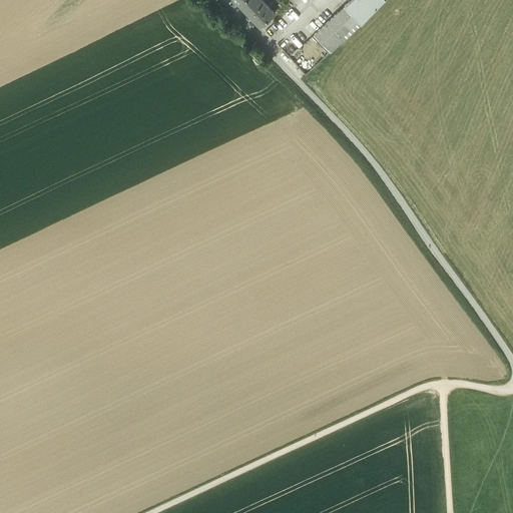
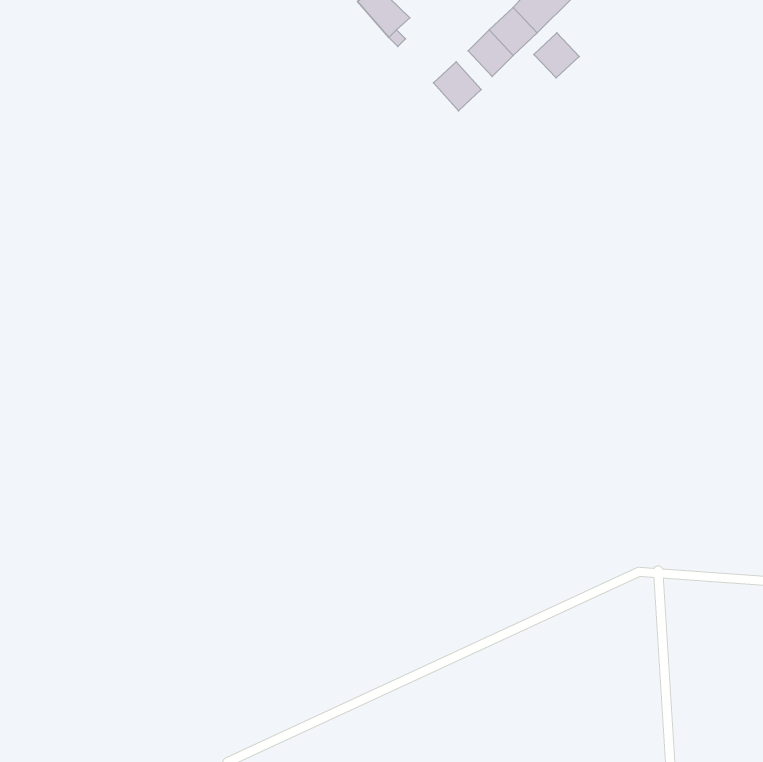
building: none -> [534,33,579,78]
building: none -> [434,62,481,111]

